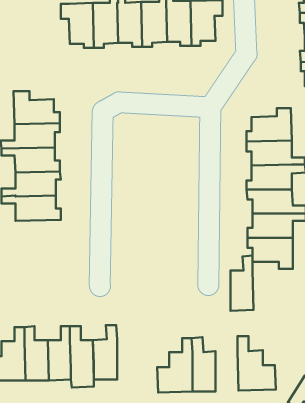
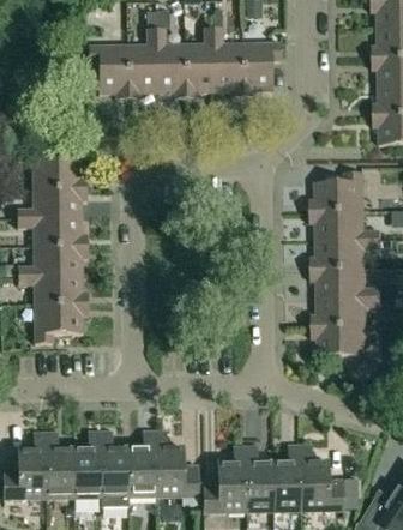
building: none -> [34,305,88,343]
building: [231,256,254,311] -> [272,444,300,510]
building: none -> [154,430,198,495]

